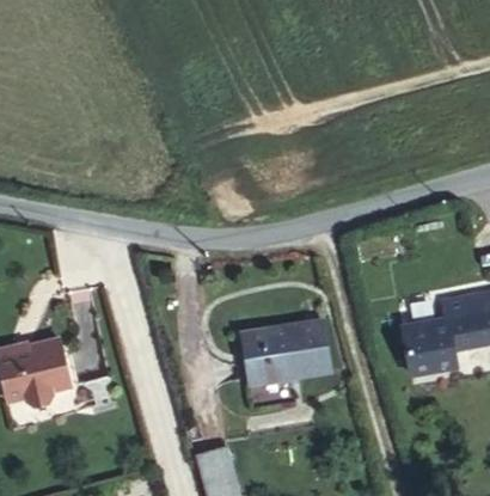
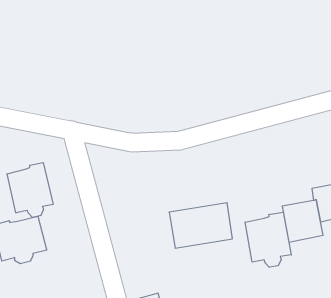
building: none -> [7,163,53,217]
building: none -> [245,212,291,267]

